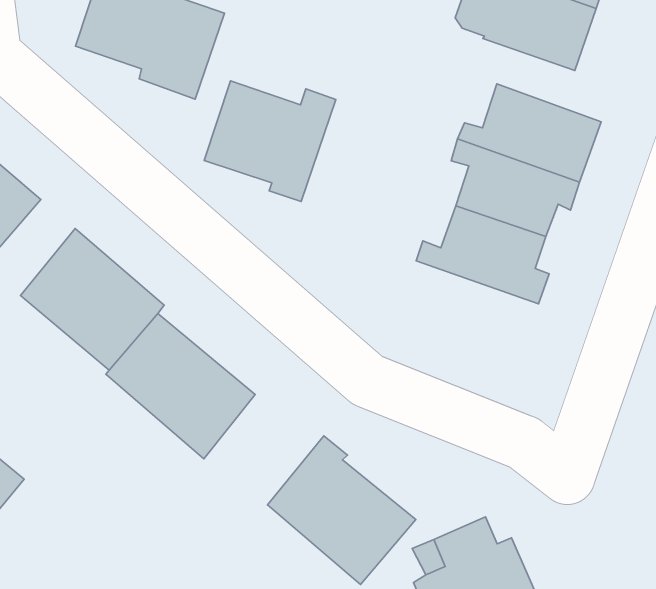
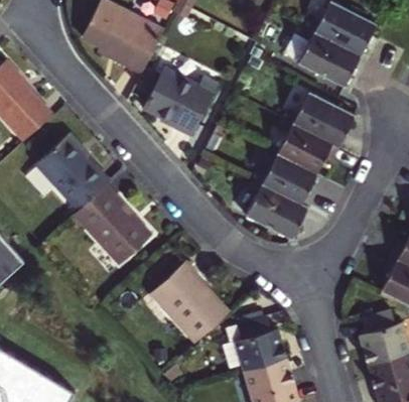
building: none -> [241,176,309,240]

